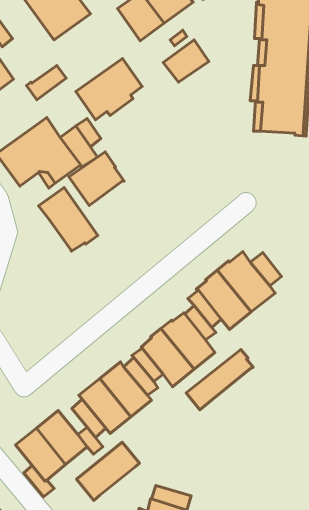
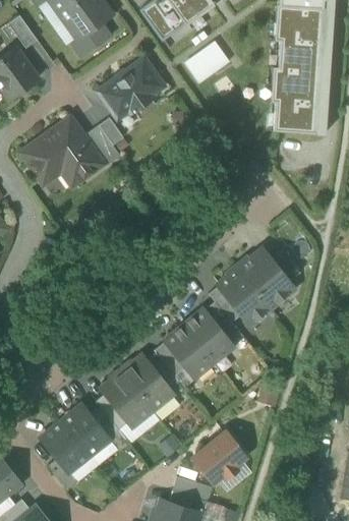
building: [27,66,66,100] -> [71,23,110,57]
building: [69,152,124,205] -> none
building: [38,187,98,251] -> none
building: [186,349,253,410] -> none
building: none -> [192,432,244,482]
building: [76,442,140,500] -> none

